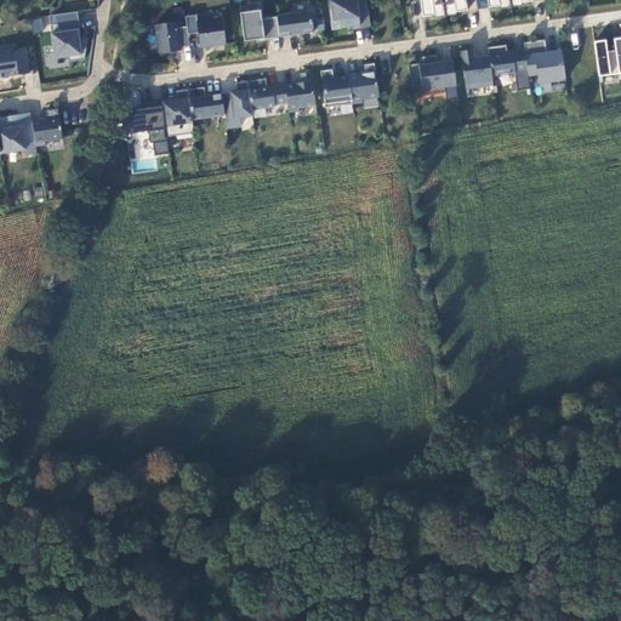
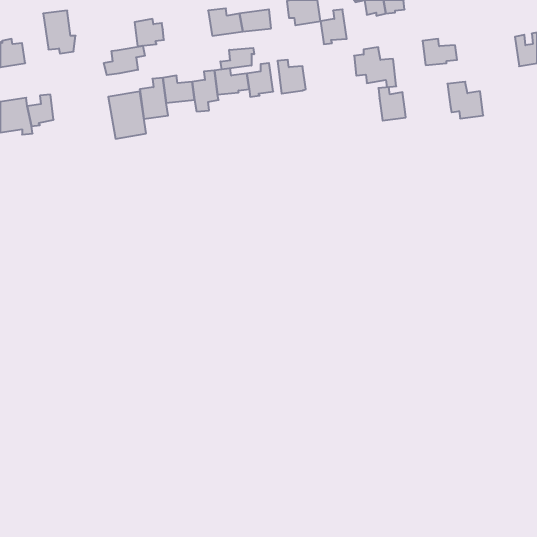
building: [186,15,226,49] -> none
building: [524,40,565,82] -> [447,82,483,118]
building: [461,50,492,89] -> [378,87,406,121]
building: none -> [104,46,145,75]
building: none -> [220,48,254,69]
building: [349,63,380,103] -> [321,9,347,44]

